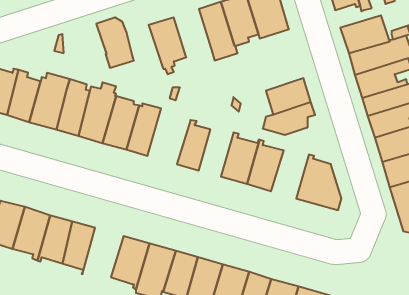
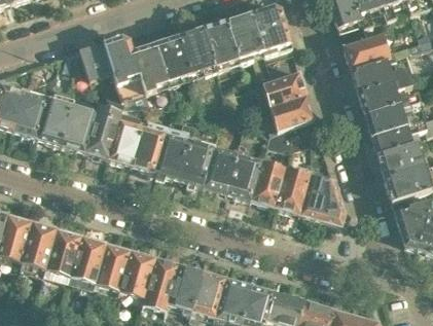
building: none -> [178,28,216,86]
building: none -> [78,42,112,80]
building: none -> [132,43,168,95]
building: none -> [252,72,305,108]
building: none -> [152,120,195,181]
building: none -> [203,145,237,192]
building: none -> [274,167,311,214]
building: none -> [88,243,129,291]

